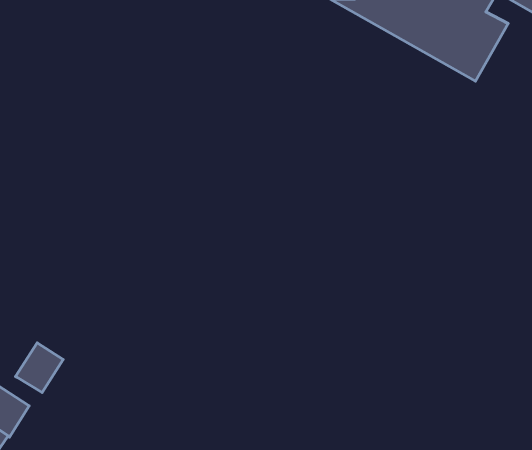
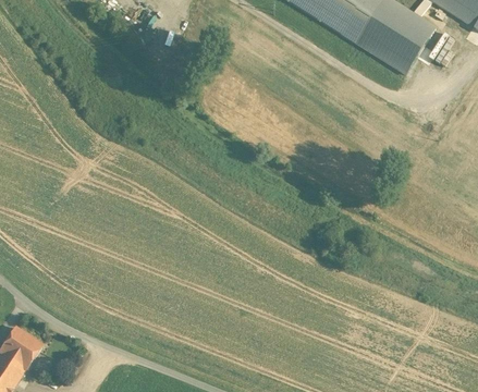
building: [15,343,63,392] -> none

